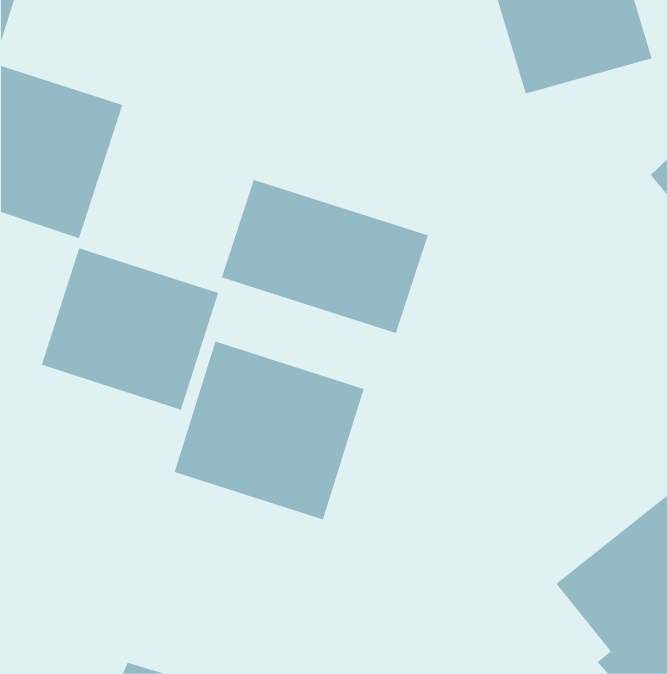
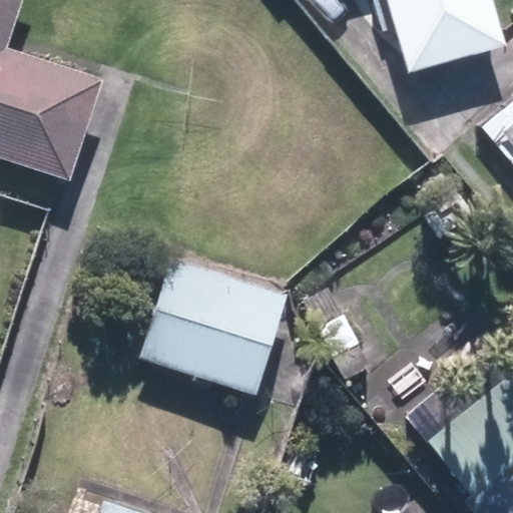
building: [221,179,429,334] -> none
building: [41,247,219,410] -> none

